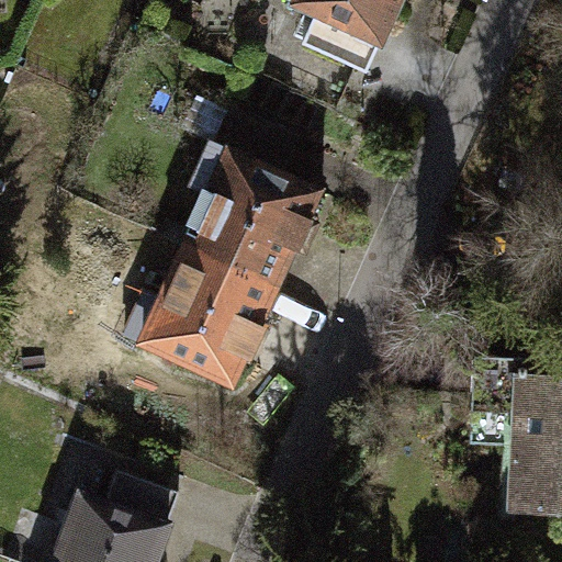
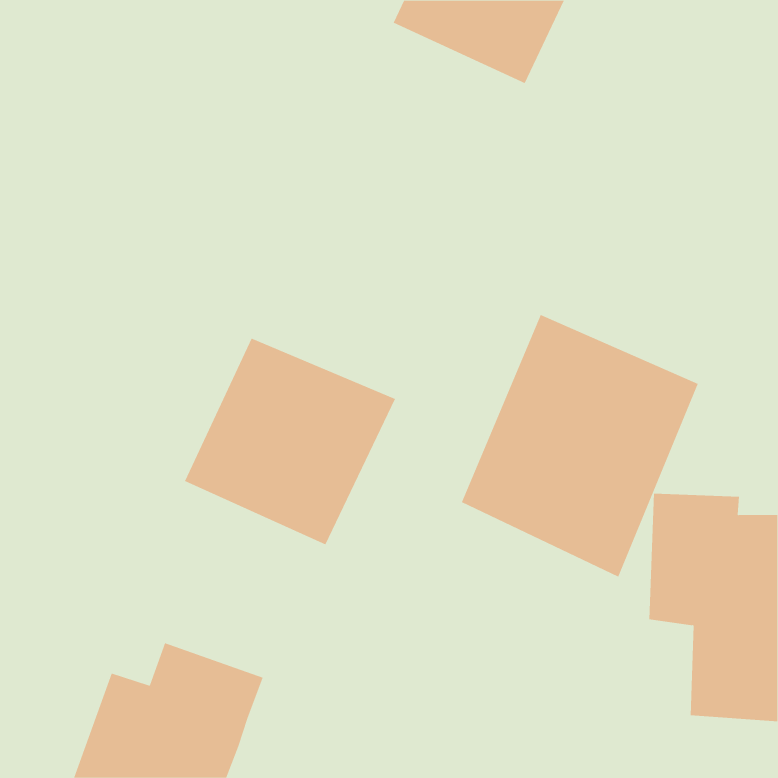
building: [181,156,329,288] -> none
building: none -> [461,314,698,577]

